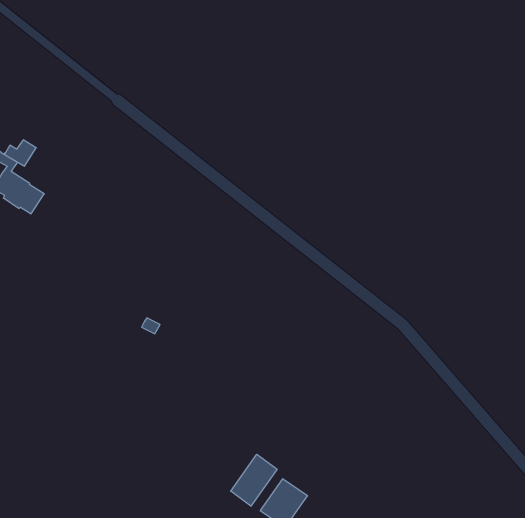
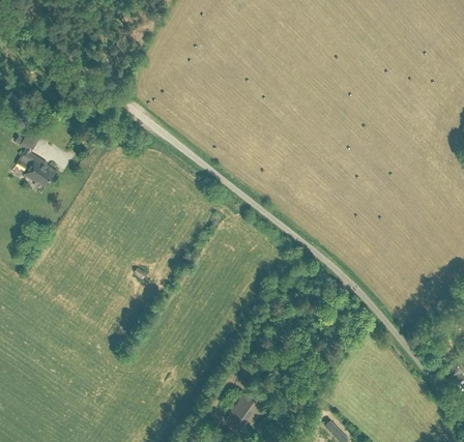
building: [231,454,277,506] -> none

